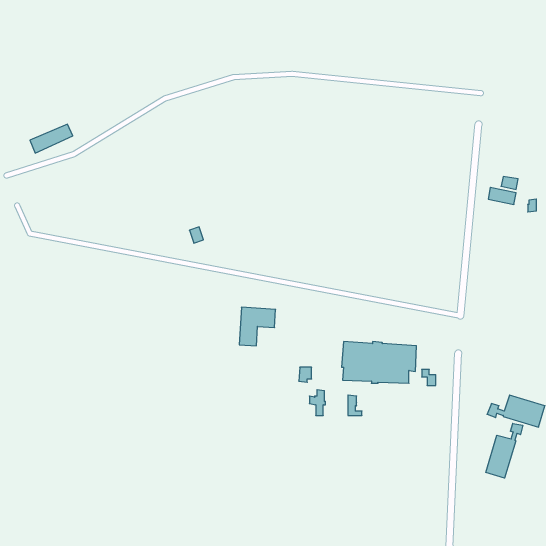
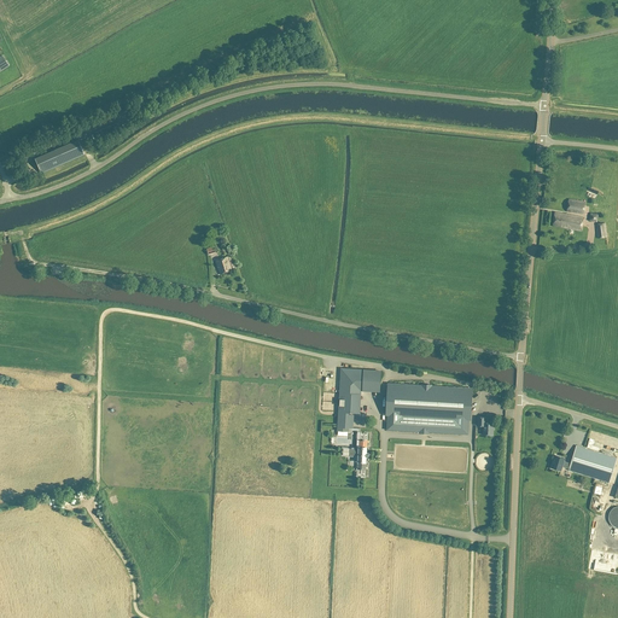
building: [239,307,276,346] -> [338,368,379,412]
building: [486,423,523,478] -> none

